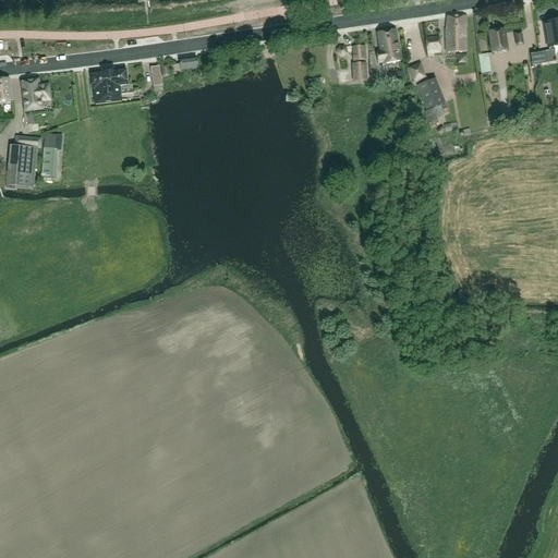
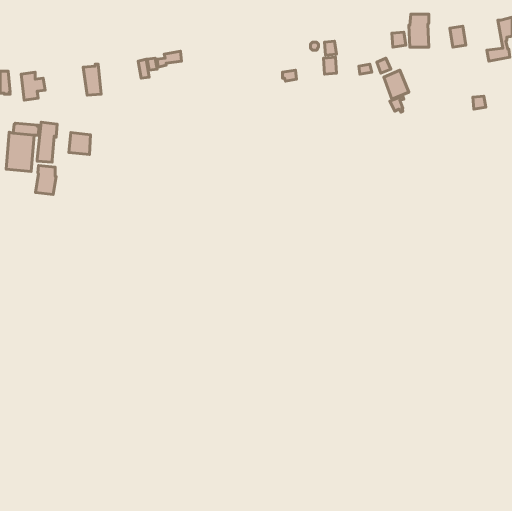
building: [376,28,402,63] -> none
building: [107,69,128,102] -> none
building: none -> [69,132,90,155]
building: none -> [36,165,56,194]

